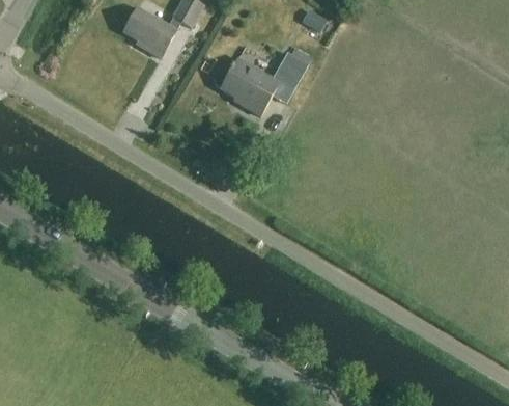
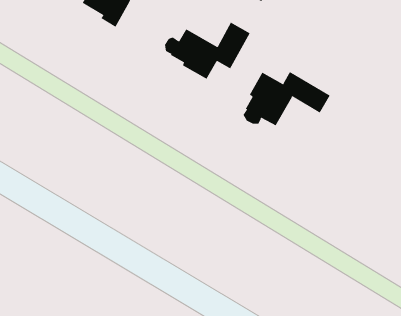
building: none -> [243,71,330,126]

